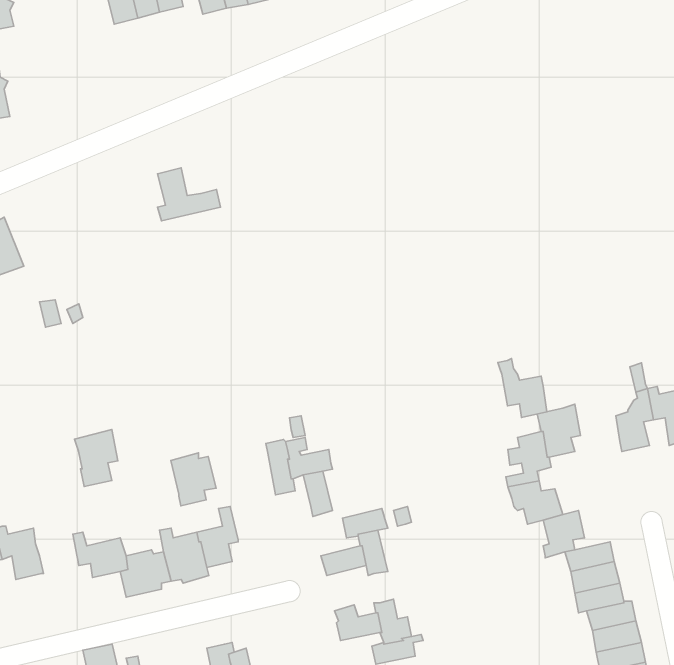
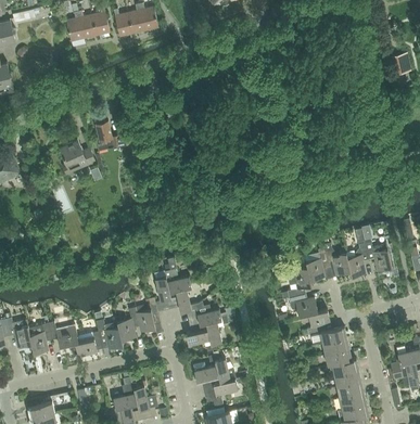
building: none -> [59,141,94,175]
building: [498,359,547,418] -> [322,243,349,275]
building: [74,429,118,487] -> [27,323,51,355]
building: [171,453,216,506] -> [135,304,160,333]

